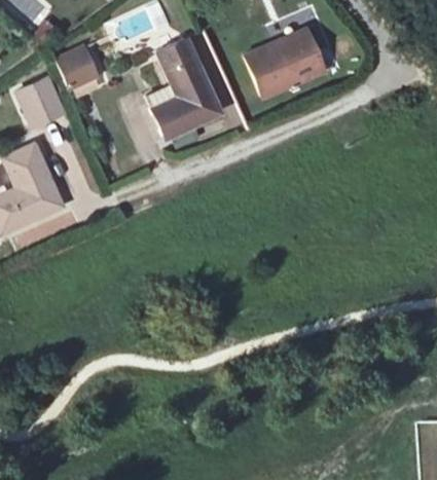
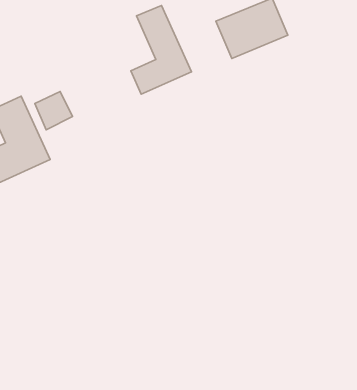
building: [51,40,98,88] -> none
building: [16,77,58,119] -> [35,91,72,130]

